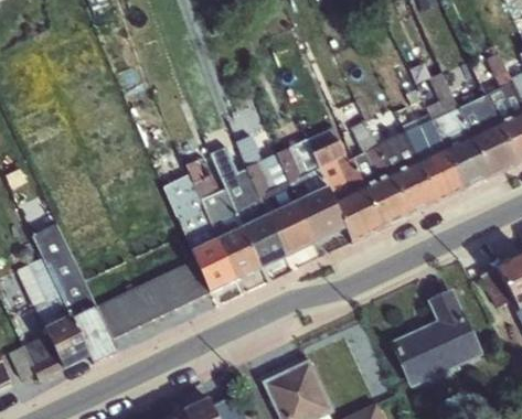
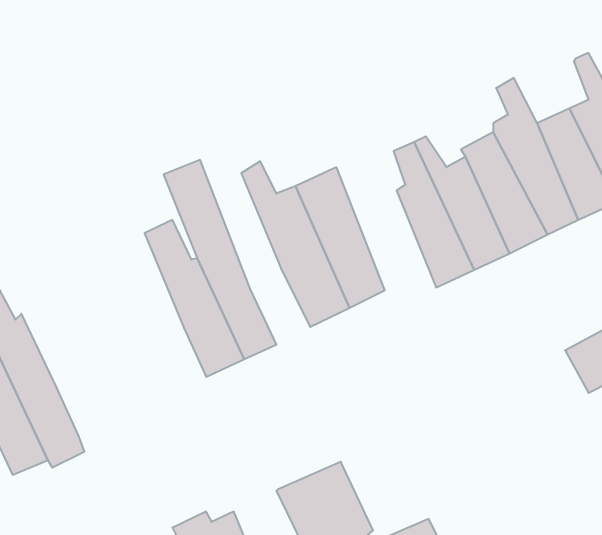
building: [307,126,382,243] -> none
building: [242,216,287,271] -> none
building: [96,259,209,340] -> none
building: [390,289,483,388] -> none

